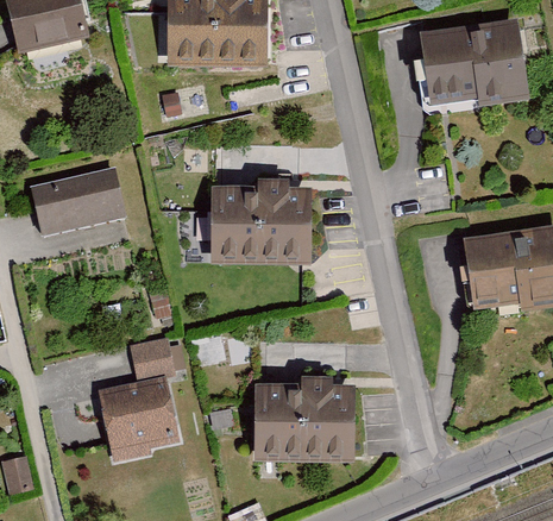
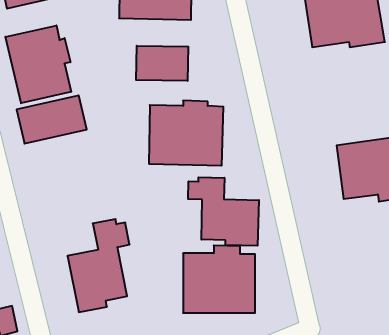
building: none -> [5,25,71,103]
building: none -> [136,46,188,81]
building: none -> [188,177,259,246]

